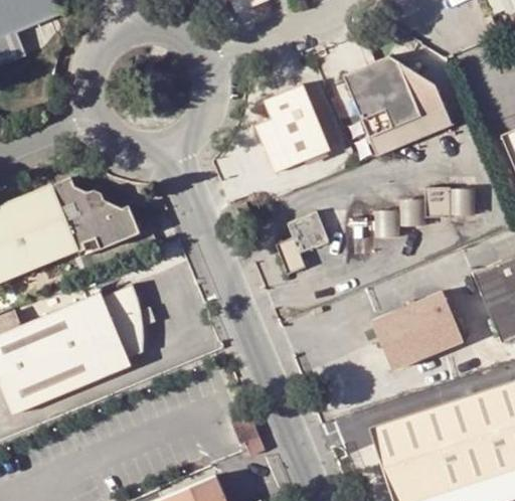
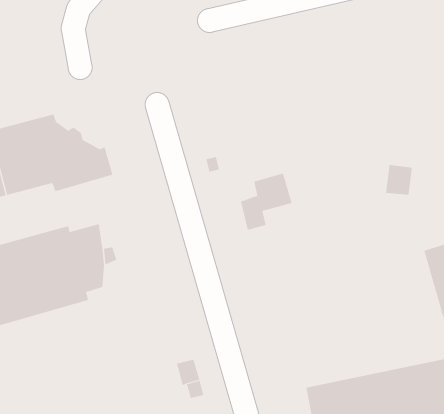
building: [345,55,453,156] -> none
building: [256,85,330,172] -> none
building: [369,290,463,371] -> none

